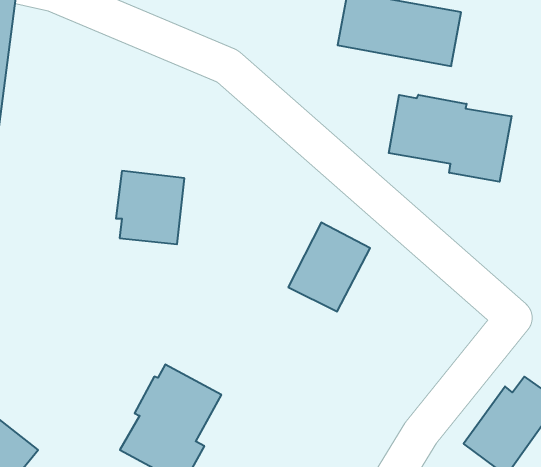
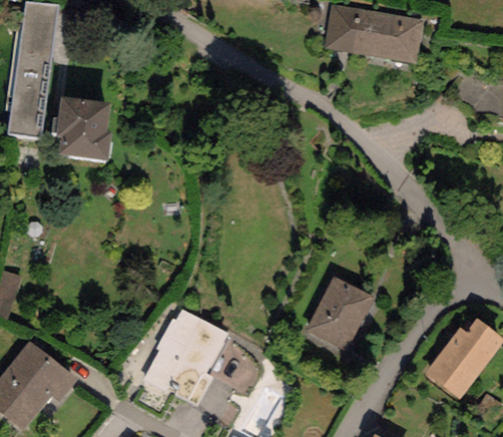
building: [389,95,512,182] -> none
building: [116,171,184,244] -> [55,97,111,157]
building: [288,222,370,312] -> [306,278,373,351]

